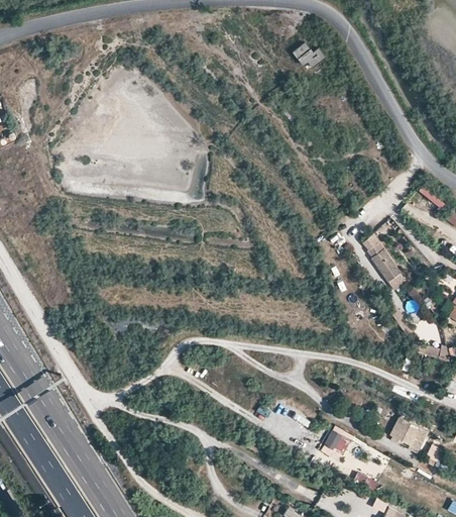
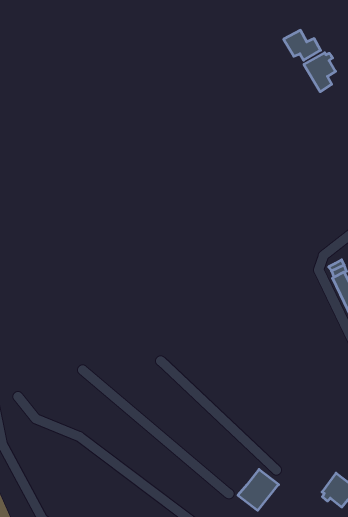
building: none -> [304,53,336,92]

